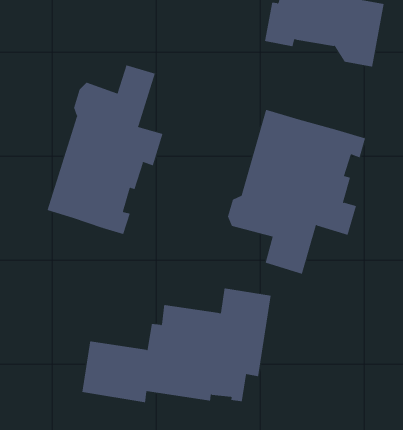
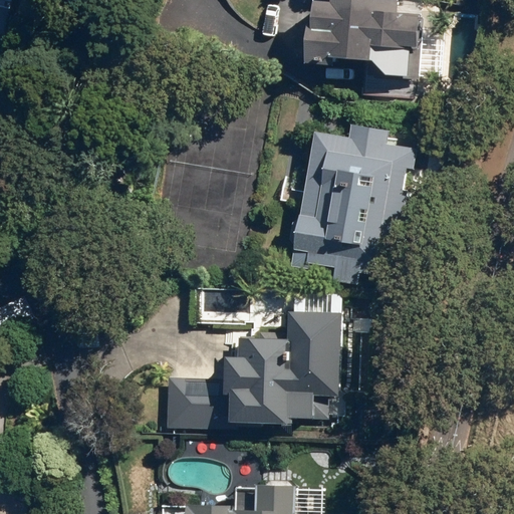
building: [47,65,163,235] -> none

